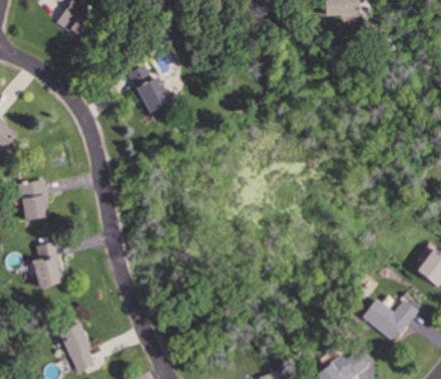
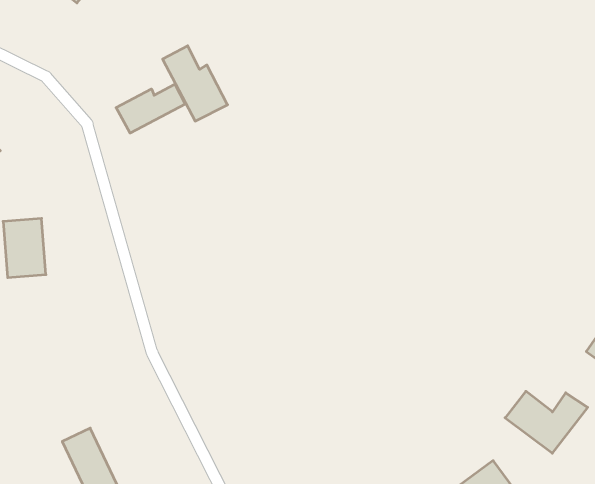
building: none -> [116,84,185,133]
building: [28,240,64,289] -> none

